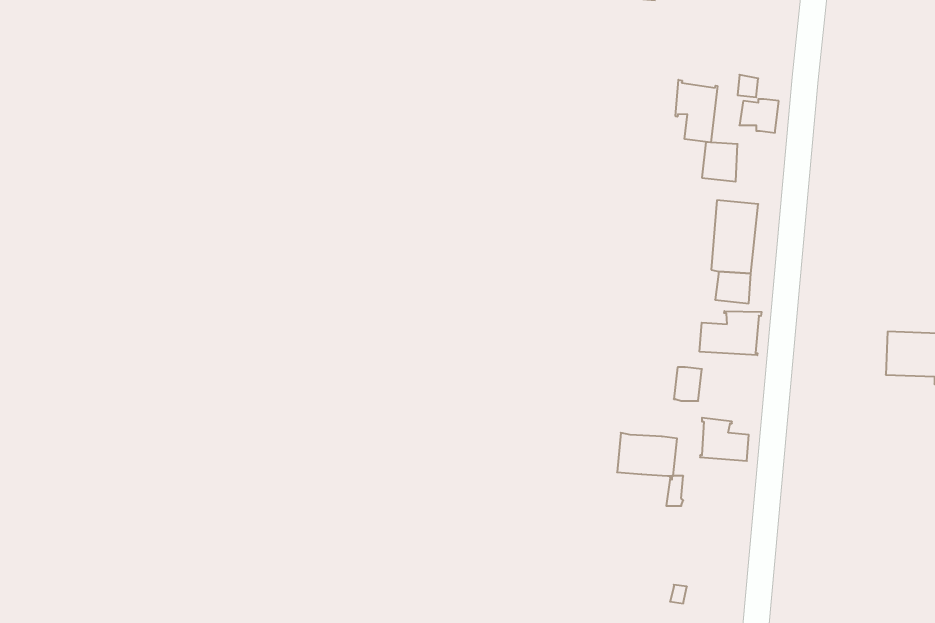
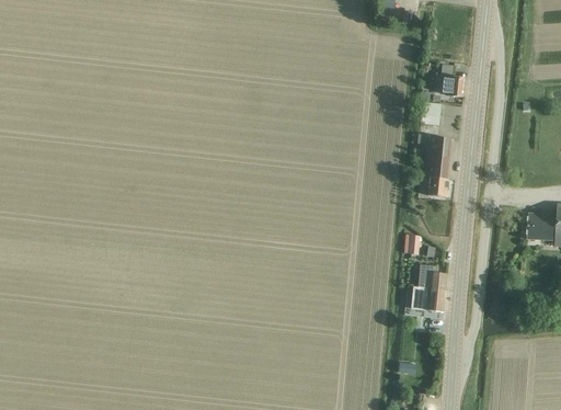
building: [676,80,717,142] -> none
building: [700,311,762,355] -> none
building: [617,433,677,476] -> [410,285,445,310]

